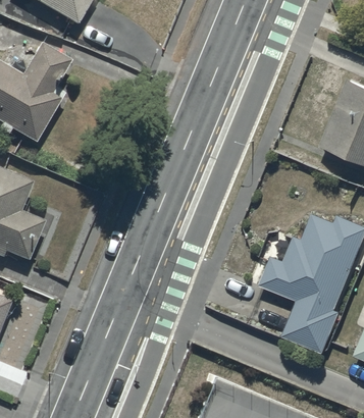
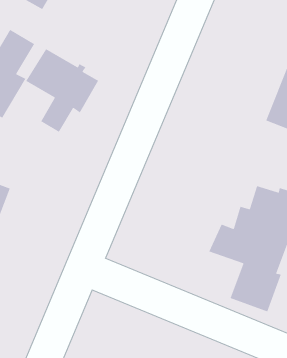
building: none -> [25,48,99,133]

